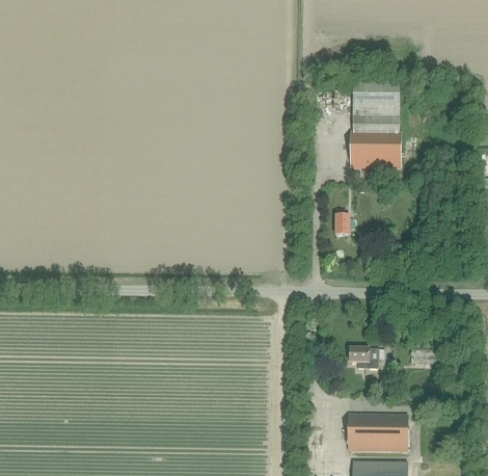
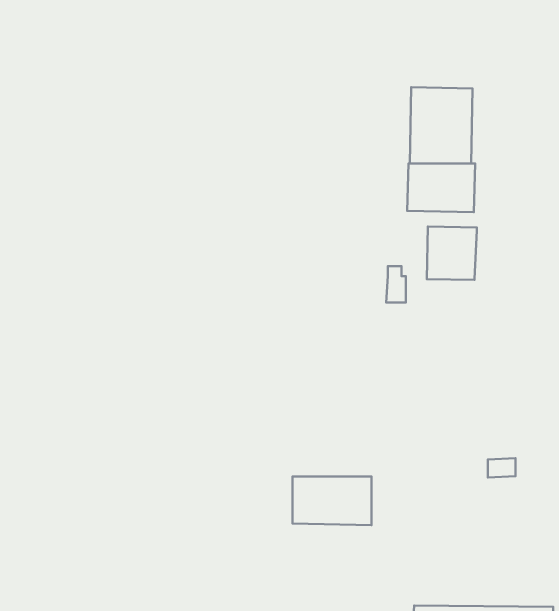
building: none -> [427,227,477,280]
building: [349,348,378,366] -> none
building: [348,415,407,451] -> [292,476,372,525]

